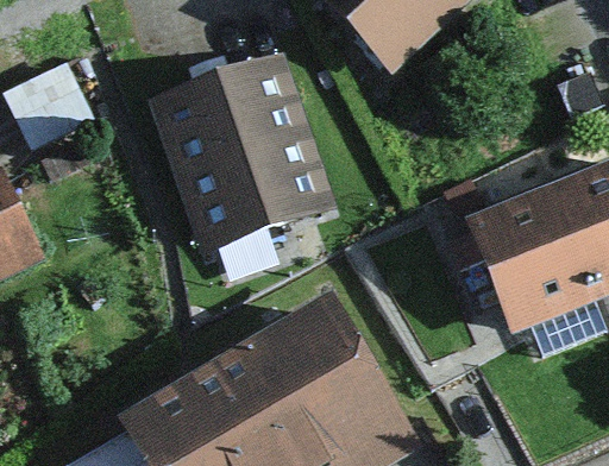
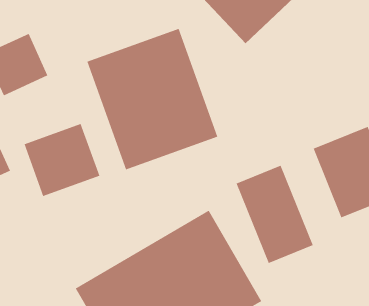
building: none -> [24,123,100,197]
building: none -> [236,165,314,264]

